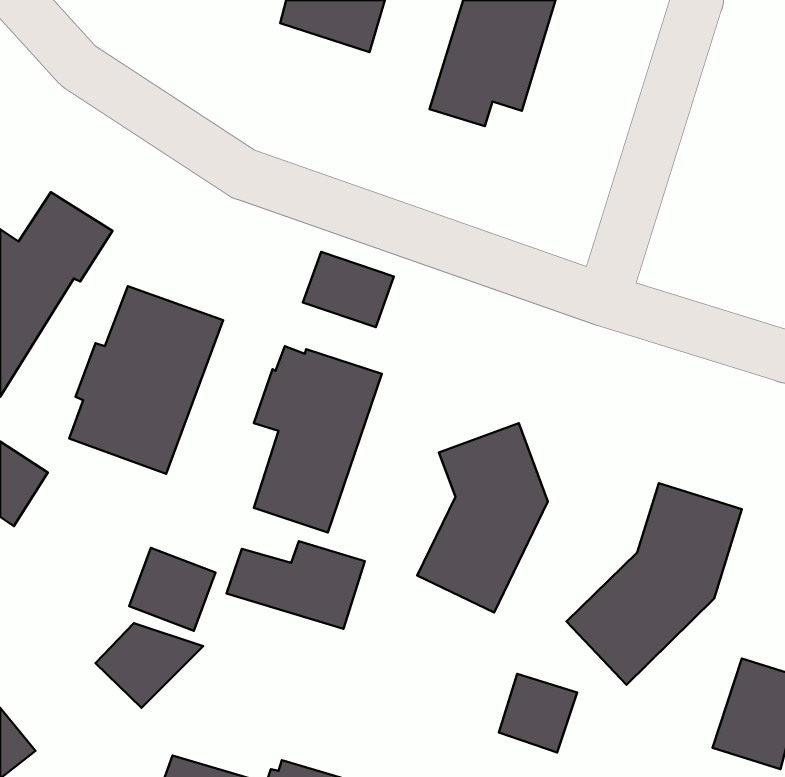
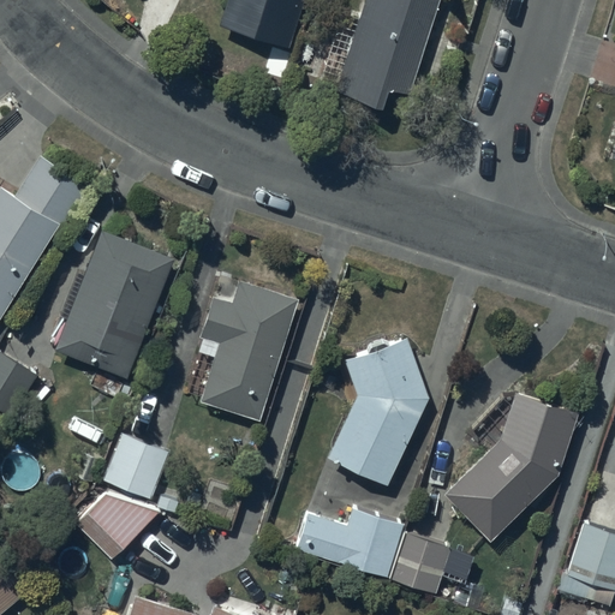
building: [303,252,394,327] -> none
building: [226,541,365,629] -> [295,509,404,578]

